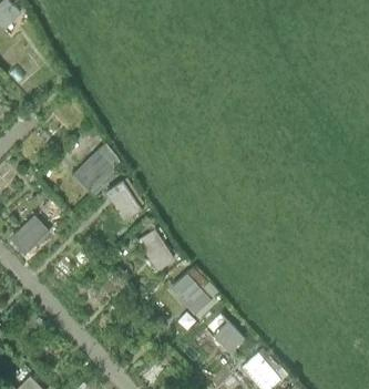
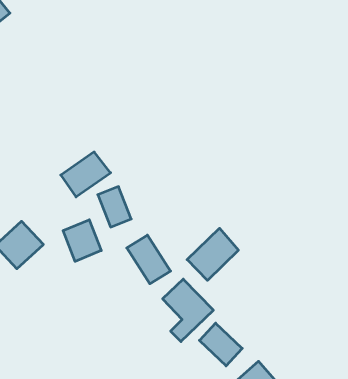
building: none -> [63,220,101,261]
building: none -> [187,228,238,280]

